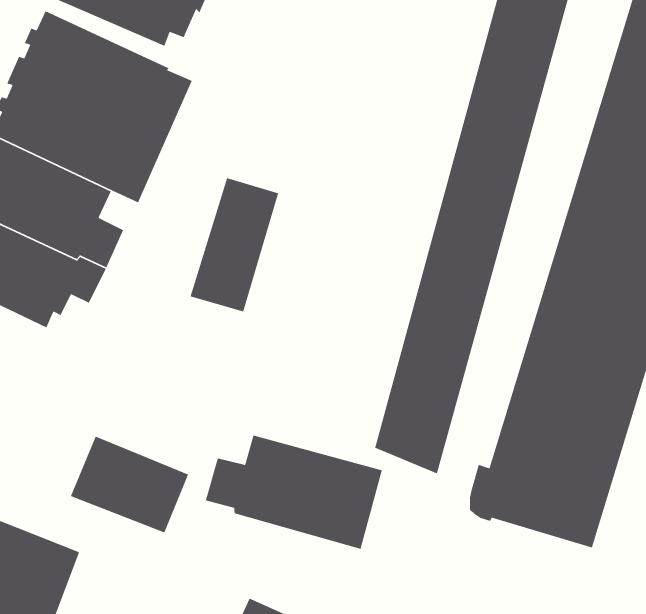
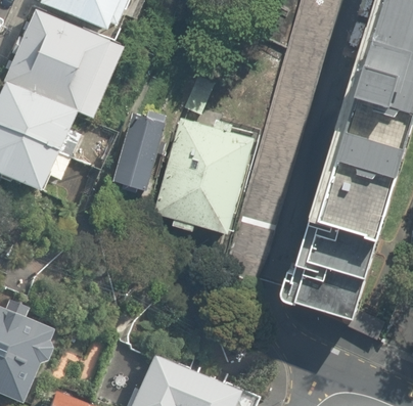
building: none -> [156,112,257,232]
building: [205,434,383,550] -> none
building: [70,435,189,534] -> none

